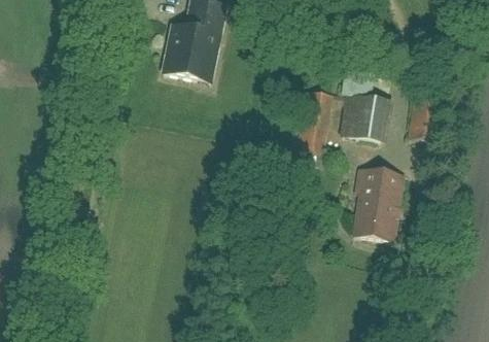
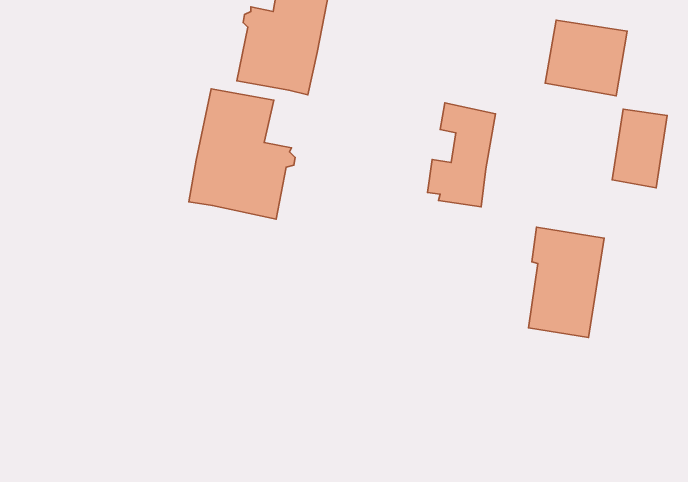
building: none -> [189,89,295,219]
building: [339,92,392,141] -> [545,20,627,96]

